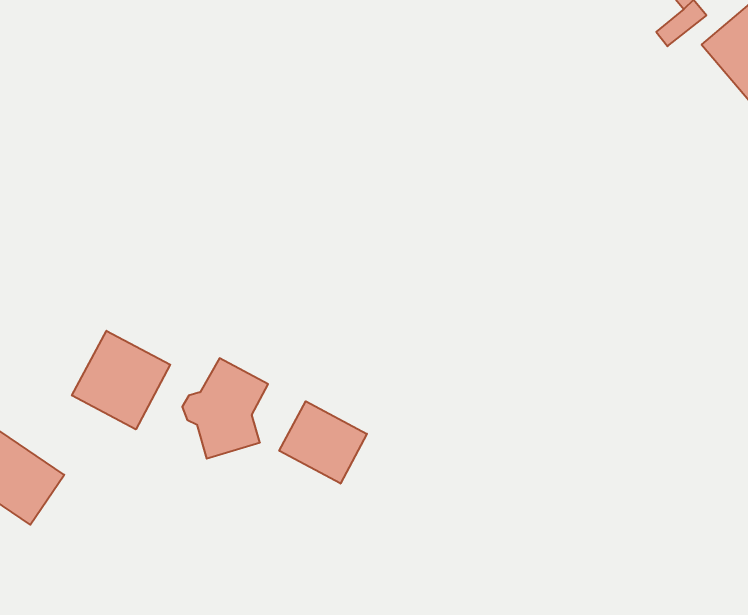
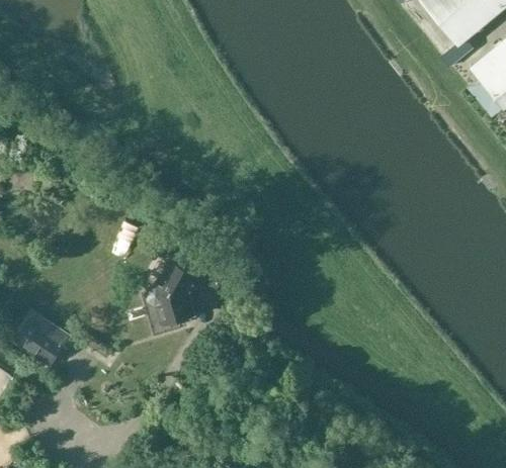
building: [72,331,170,429] -> none
building: [279,401,367,484] -> none

